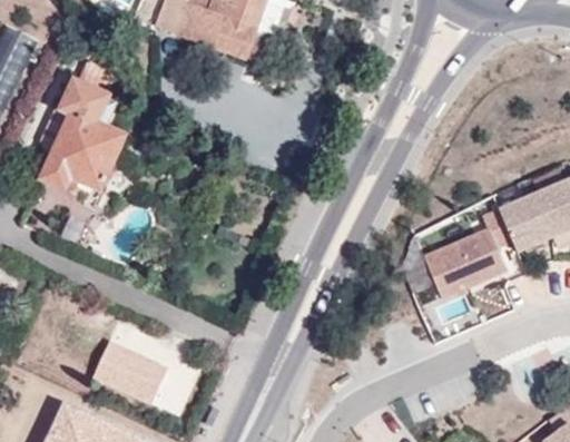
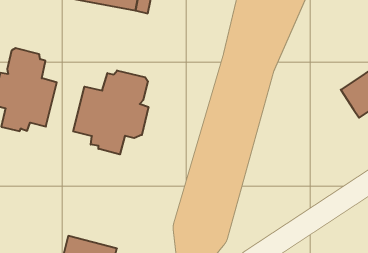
building: none -> [73,70,148,154]
building: [424,209,512,296] -> none

